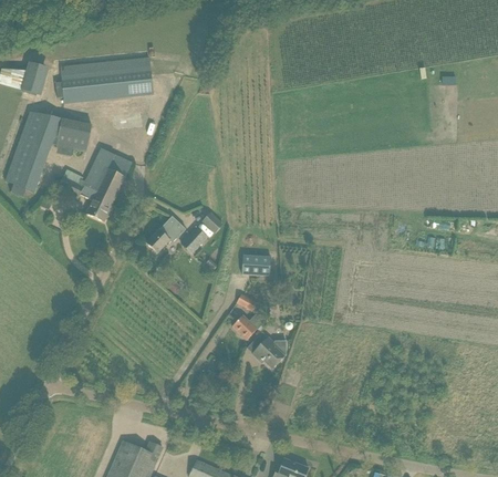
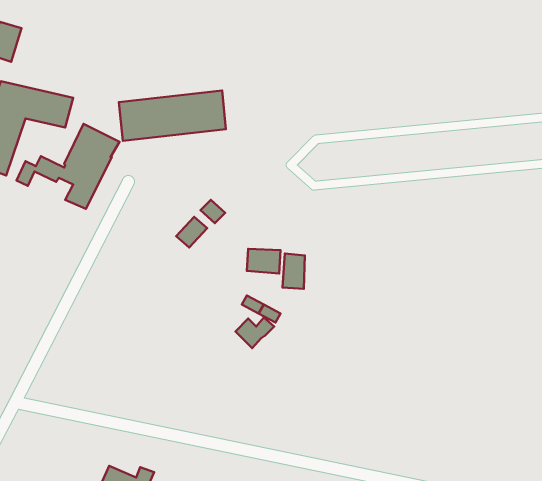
building: [60,60,152,103] -> [119,91,226,141]
building: [146,216,184,252] -> none
building: none -> [282,254,305,289]
building: [251,336,286,369] -> none

